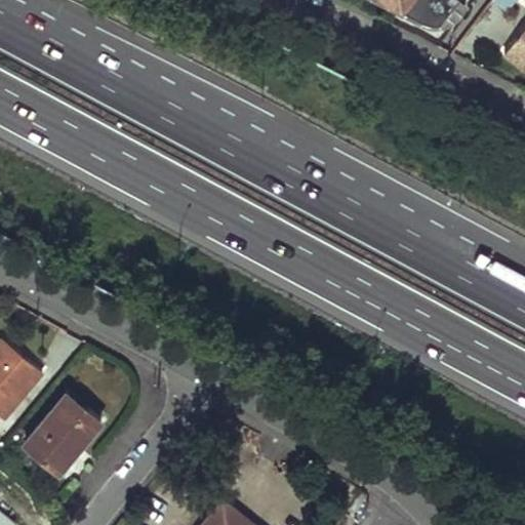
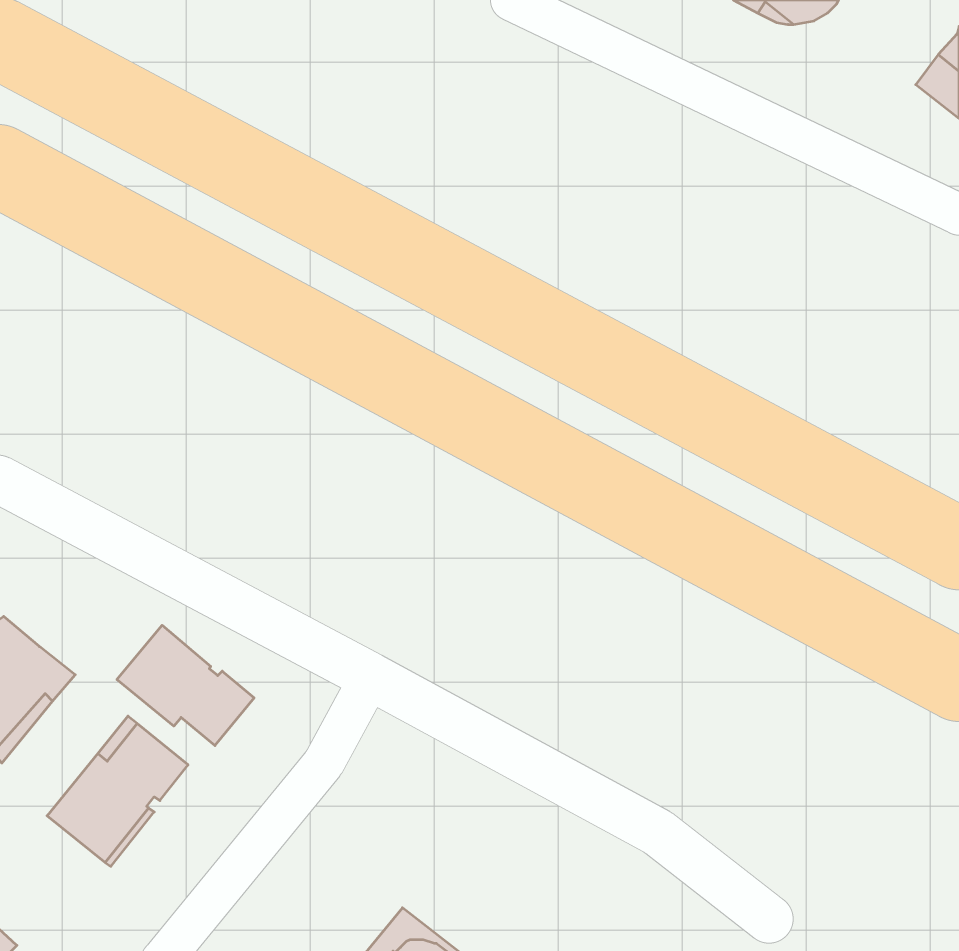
building: none -> [117,625,254,746]

